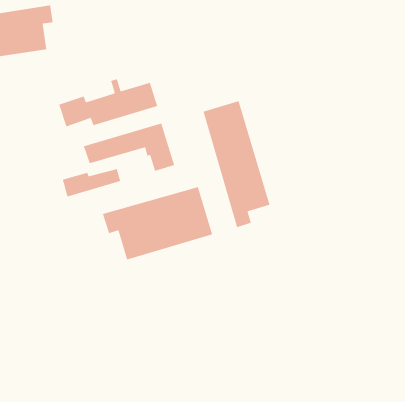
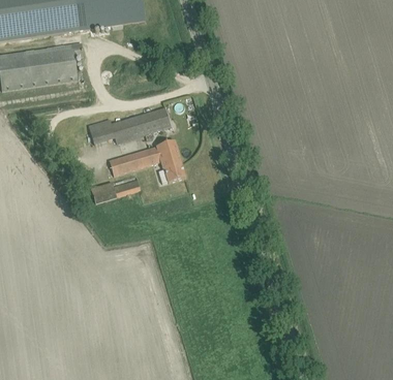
building: [203,100,270,228] -> none
building: [102,186,213,261] -> none

